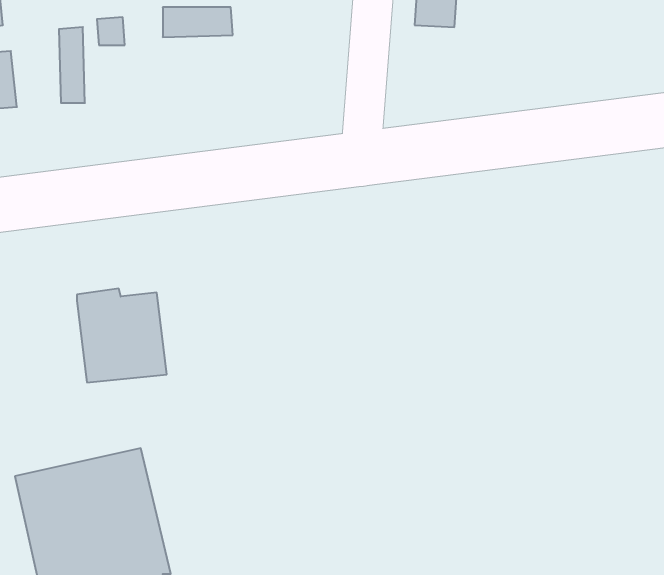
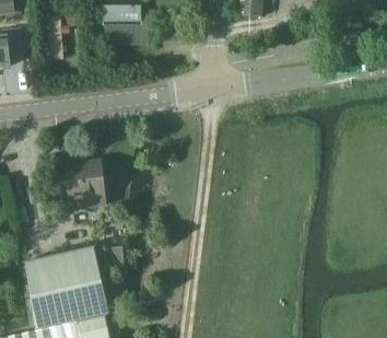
building: none -> [105,23,150,46]

